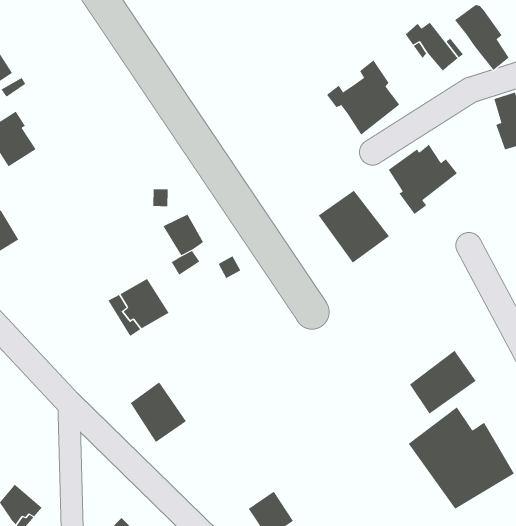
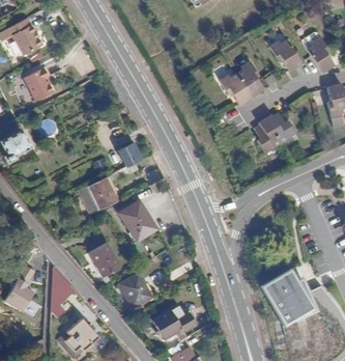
building: [318,190,390,263] -> none
building: none -> [120,198,156,238]
building: [409,350,477,414] -> none
building: none -> [120,272,151,305]
building: none -> [51,267,75,315]

